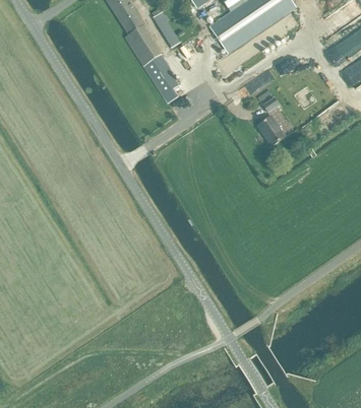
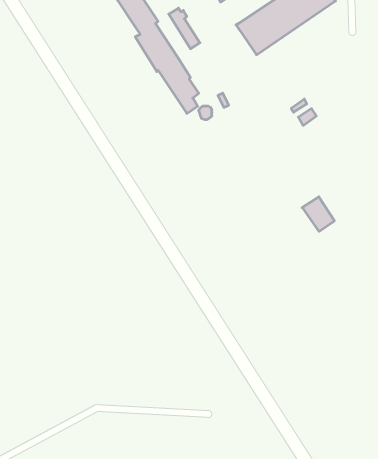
building: [257,116,285,145] -> [302,197,334,231]

